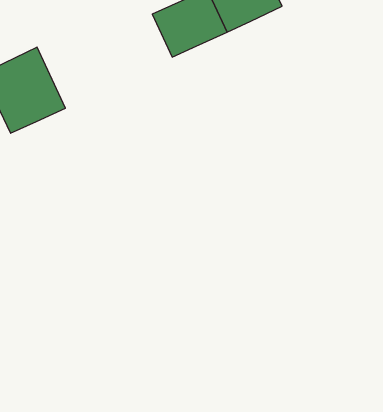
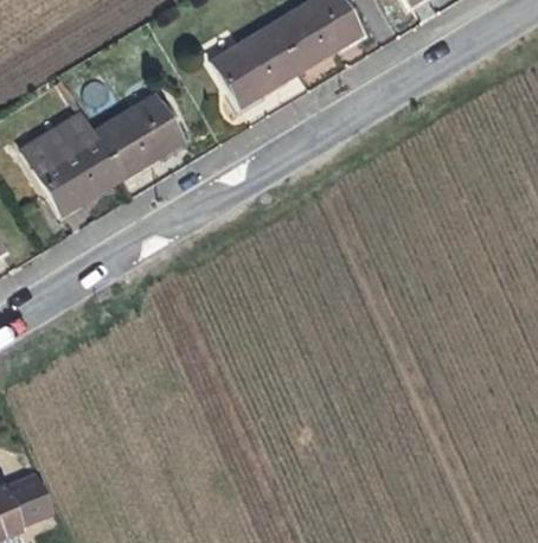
building: none -> [96,94,185,178]

